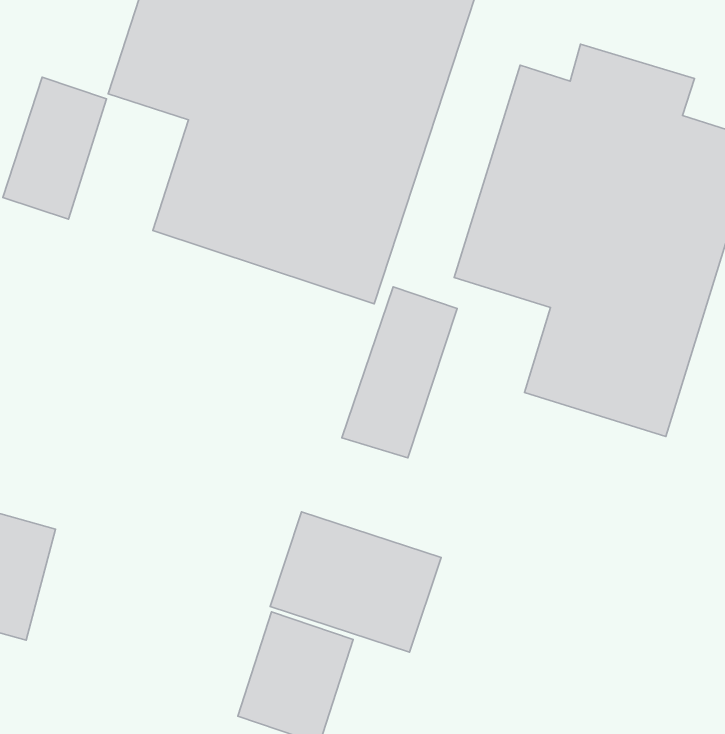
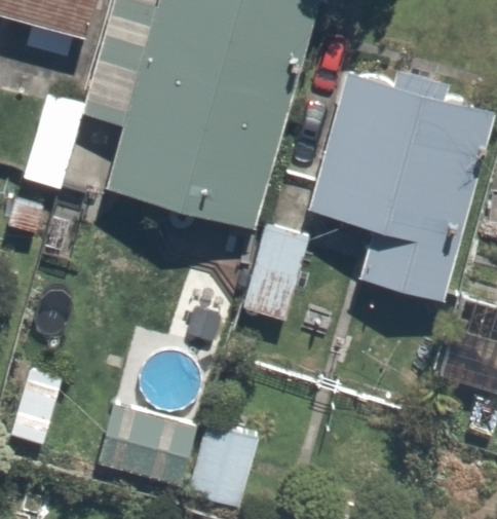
building: [270,512,441,652] -> [91,405,197,489]

